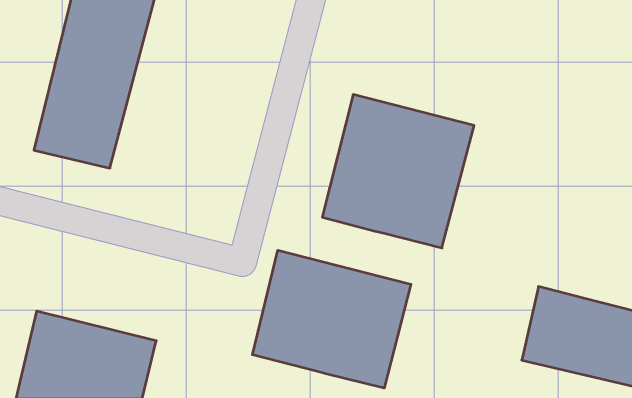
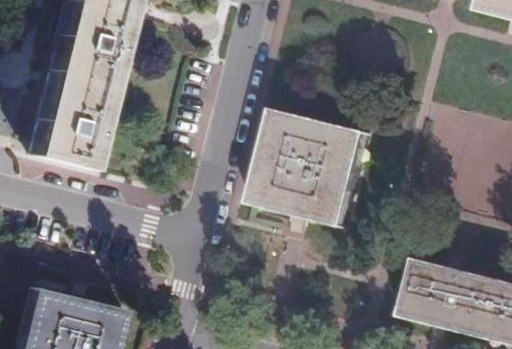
building: [252,250,411,388] -> none

